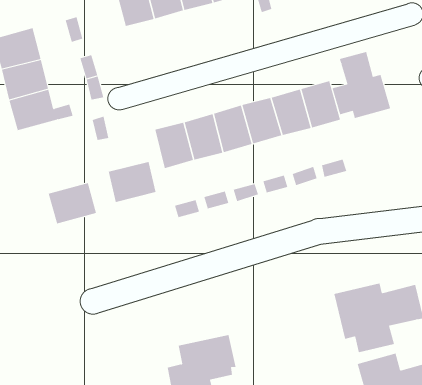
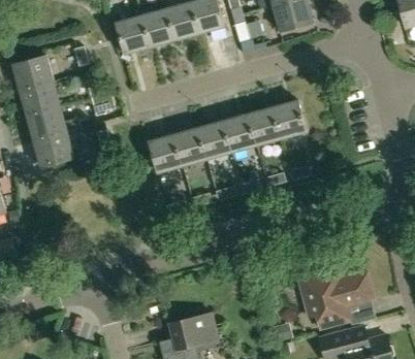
building: [332,51,391,119] -> none
building: [108,161,156,203] -> none
building: [48,183,97,224] -> [33,132,74,167]

